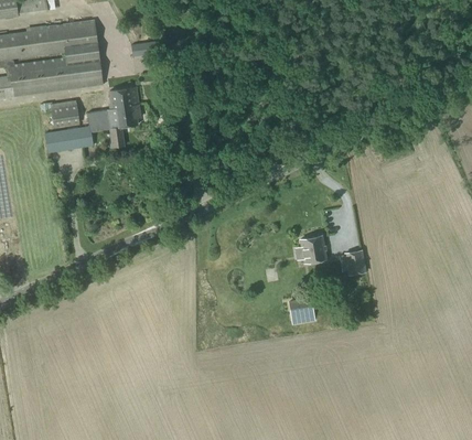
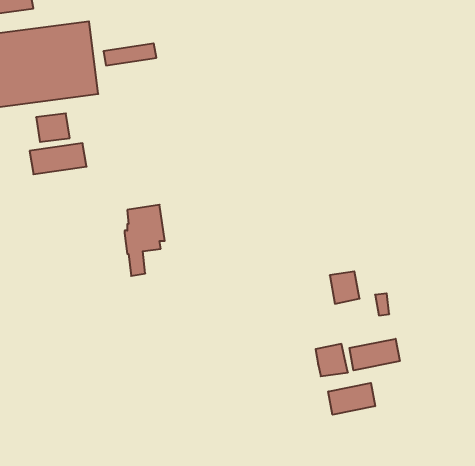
building: [107,85,141,146] -> [125,205,165,276]
building: none -> [349,339,400,370]
building: none -> [328,383,375,415]

